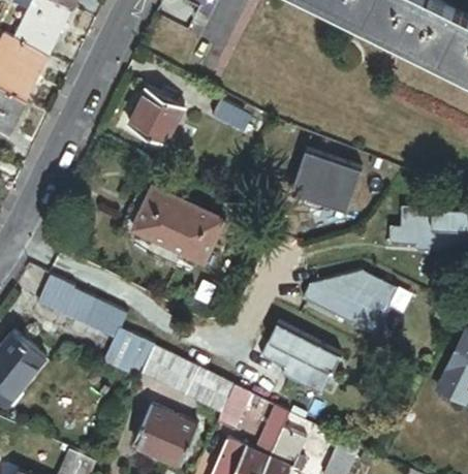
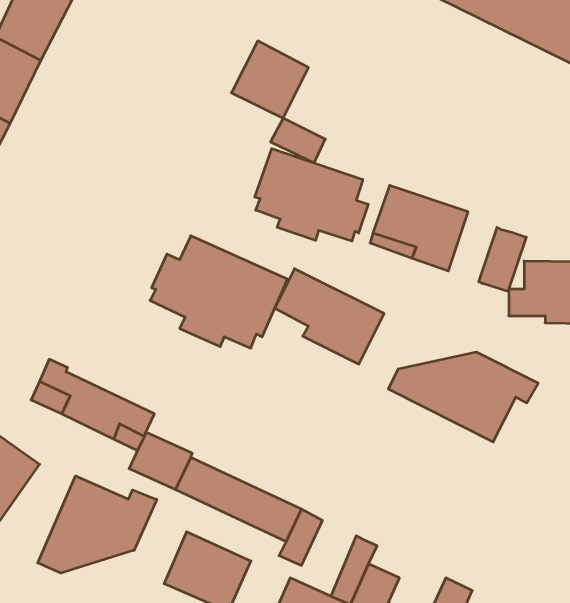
building: [127,88,184,145] -> [231,41,308,118]
building: none -> [255,149,368,241]
building: none -> [479,227,526,291]
building: [261,322,342,392] -> [275,269,384,364]
building: none -> [38,476,157,573]

